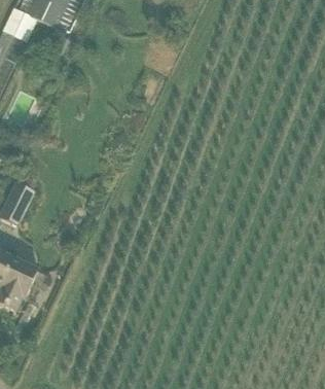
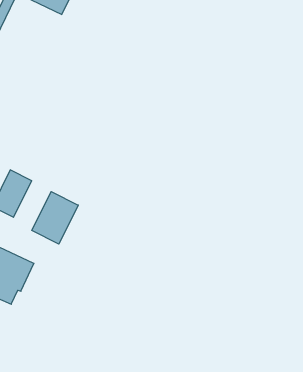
building: none -> [32,192,78,244]

